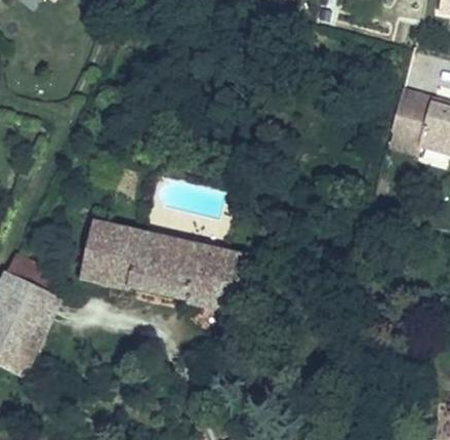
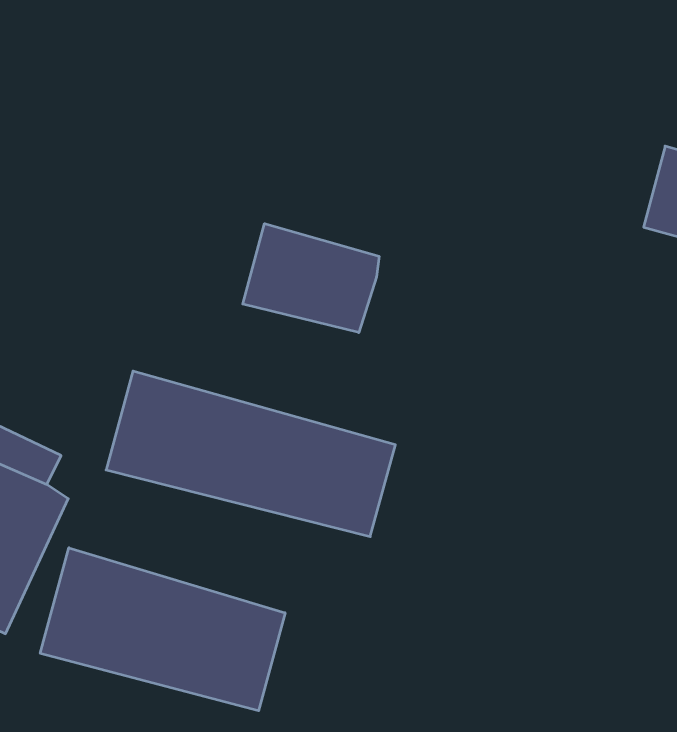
building: none -> [243,224,379,333]
building: none -> [40,548,285,711]

